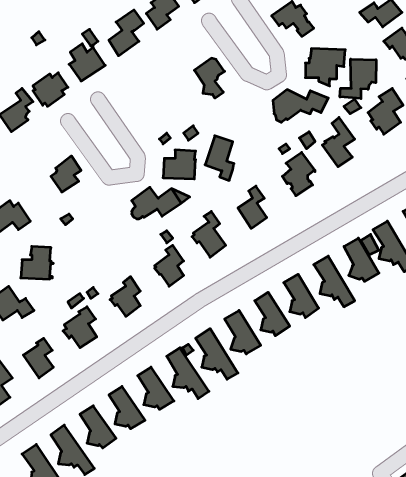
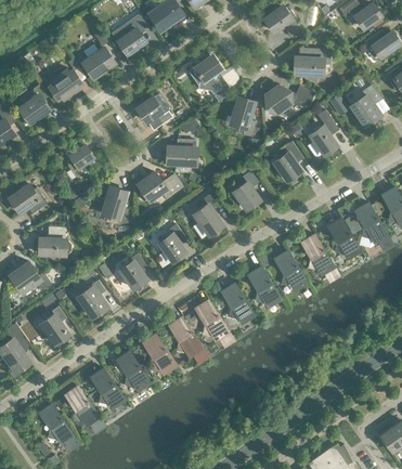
building: [340,59,376,99] -> none
building: none -> [135,97,171,126]
building: [205,136,234,180] -> [229,97,255,138]
building: none -> [101,187,128,224]

